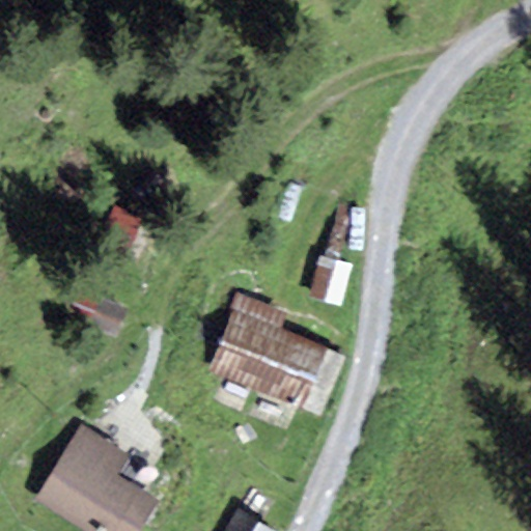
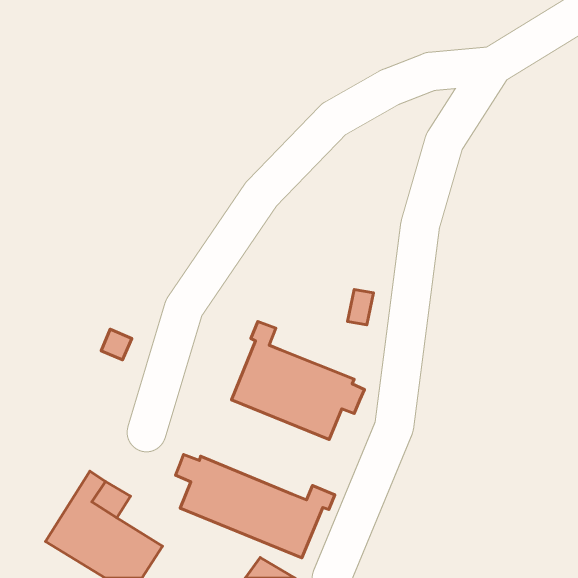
building: none -> [176,454,335,558]

